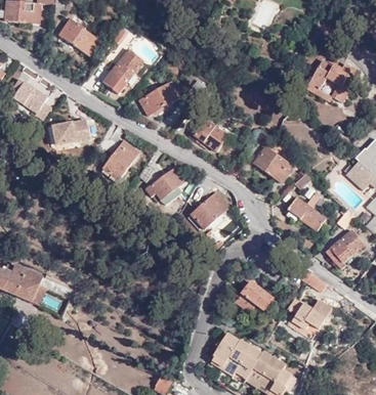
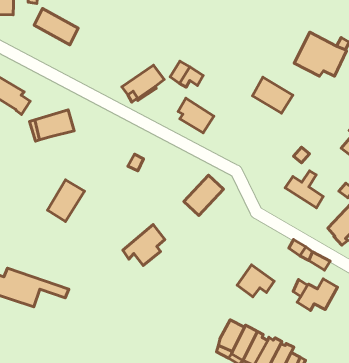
building: [102,49,141,92] -> none
building: [101,139,138,179] -> [48,180,85,221]
building: [252,145,291,181] -> [252,77,293,113]
building: [144,165,185,204] -> [123,224,165,266]

